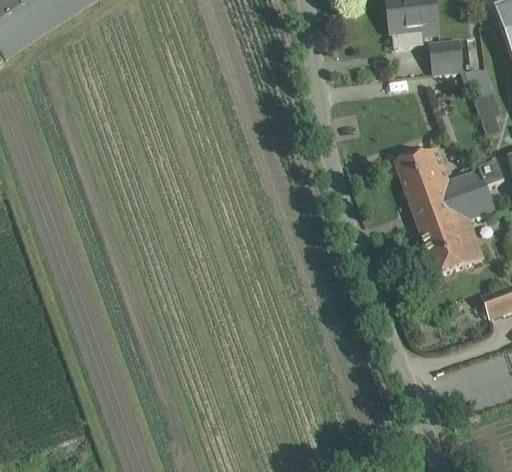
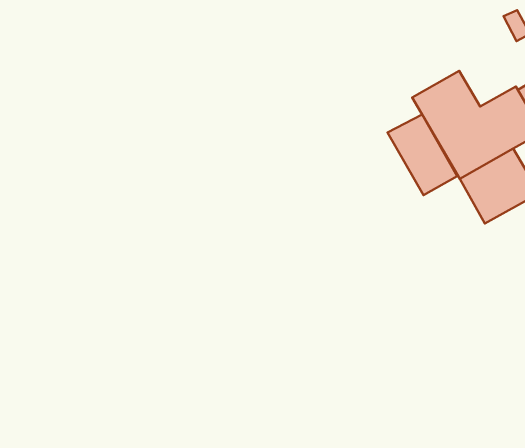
building: none -> [388,114,457,195]

